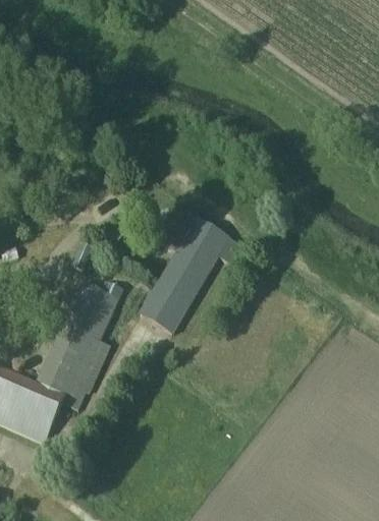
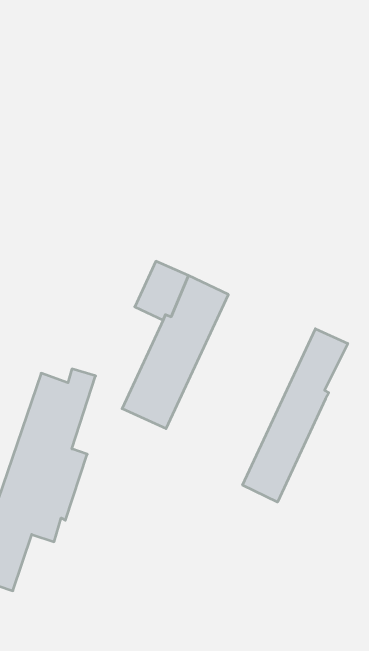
building: none -> [243,329,348,502]

